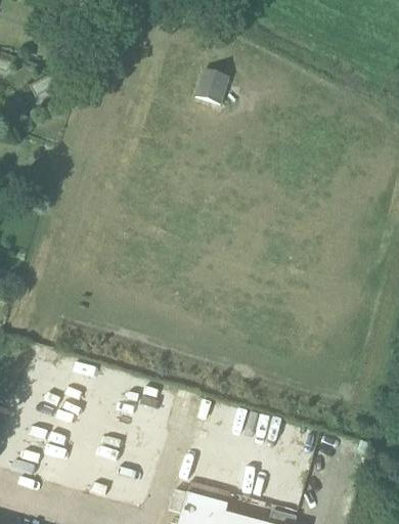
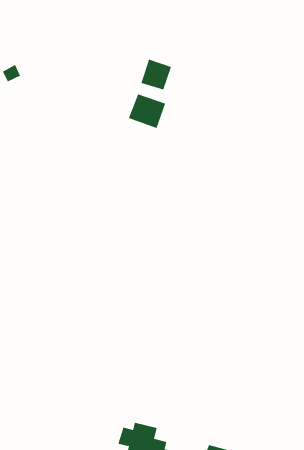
building: none -> [128,93,166,129]

